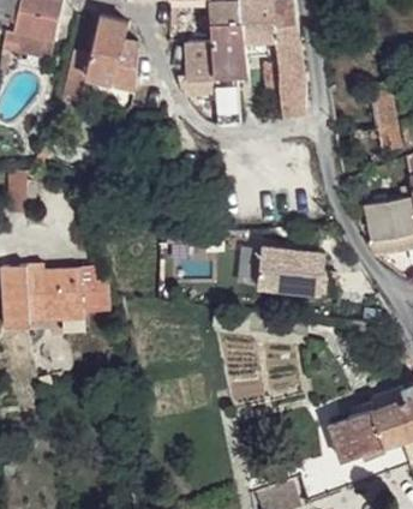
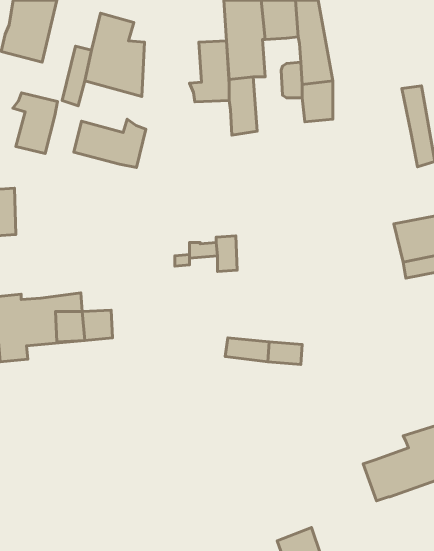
building: none -> [13,93,58,154]
building: none -> [74,119,146,168]
building: [262,242,341,291] -> none

